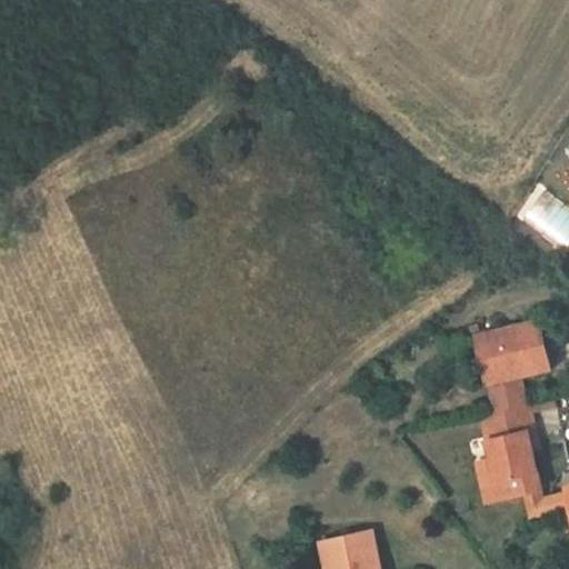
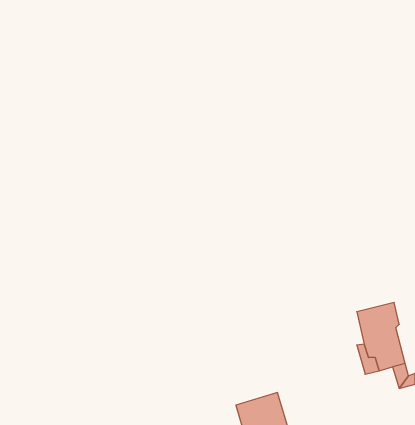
building: [465,323,549,389] -> none

